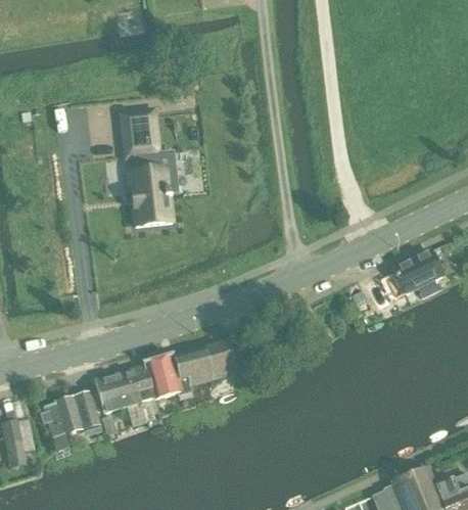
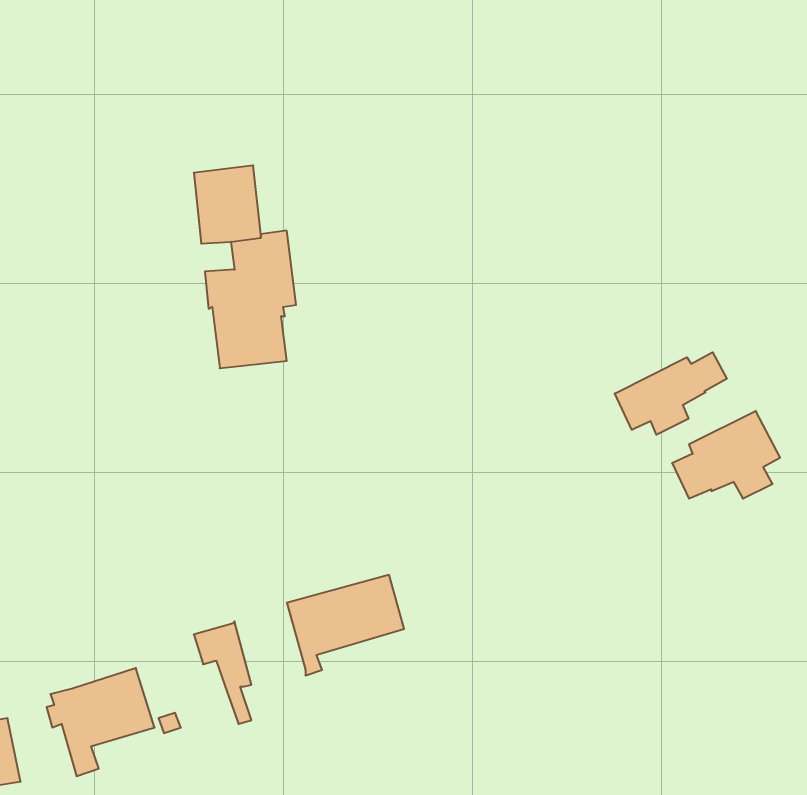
building: none -> [615,352,727,435]
building: [141,355,182,401] -> none
building: [94,372,145,425] -> none

